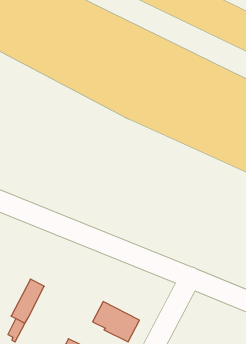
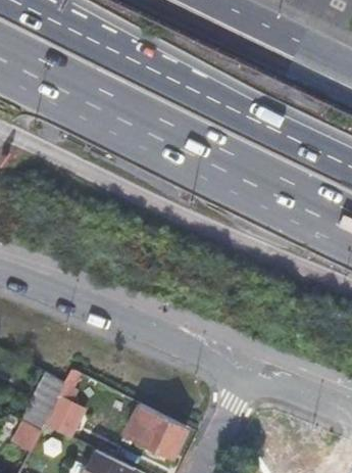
building: none -> [45,385,83,437]

